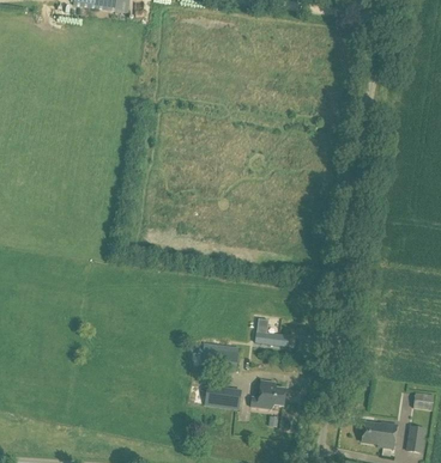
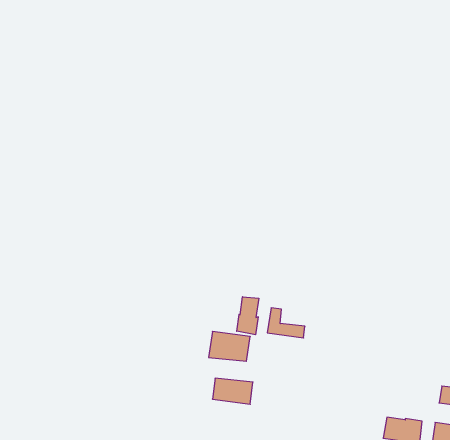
building: none -> [237,297,259,335]
building: [250,378,285,408] -> none

